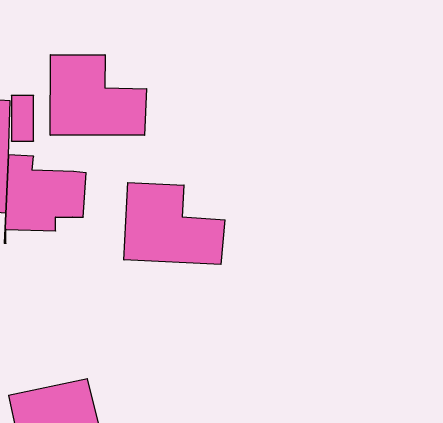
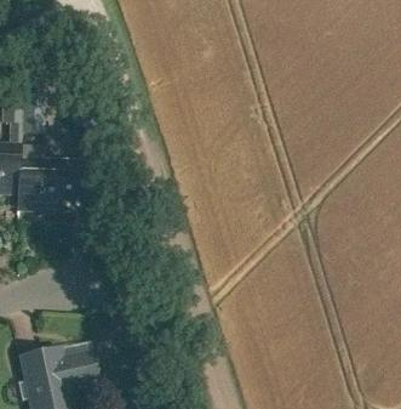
building: [50,55,147,135] -> none
building: [124,183,225,264] -> none

